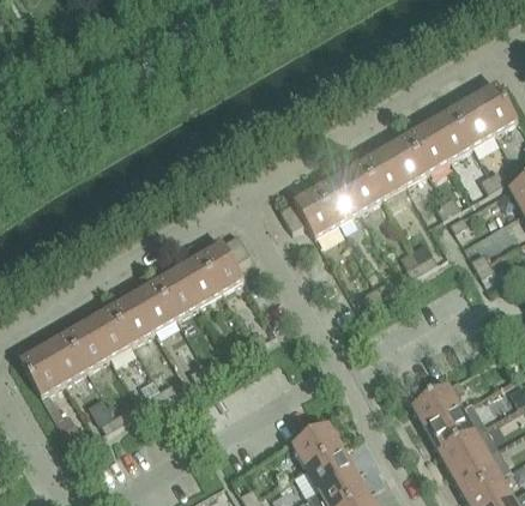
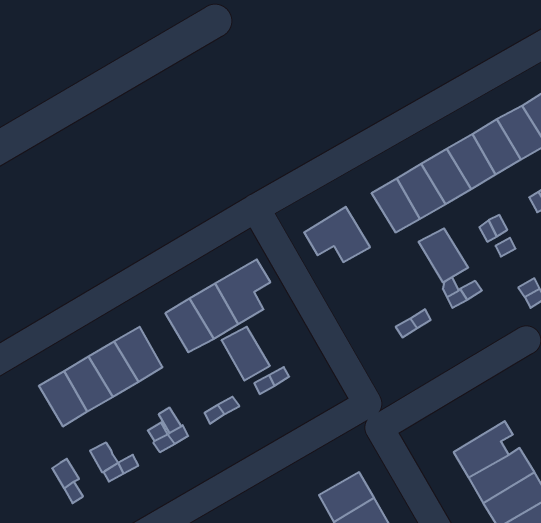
building: [315,174,360,222] -> [418,228,468,282]
building: [132,281,175,329] -> [221,327,270,381]
building: [19,345,64,394] -> none

